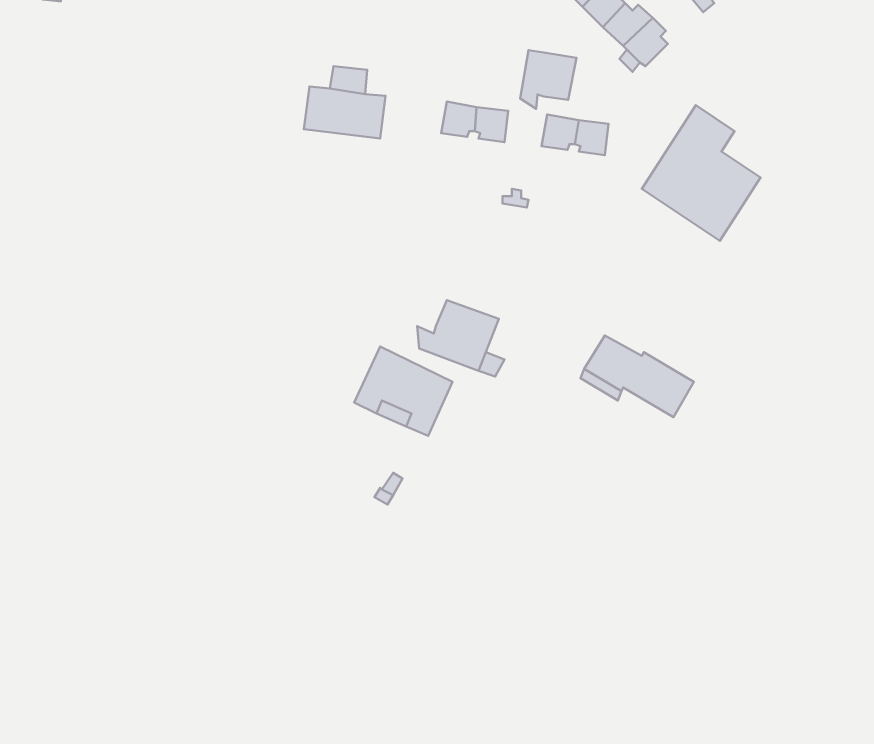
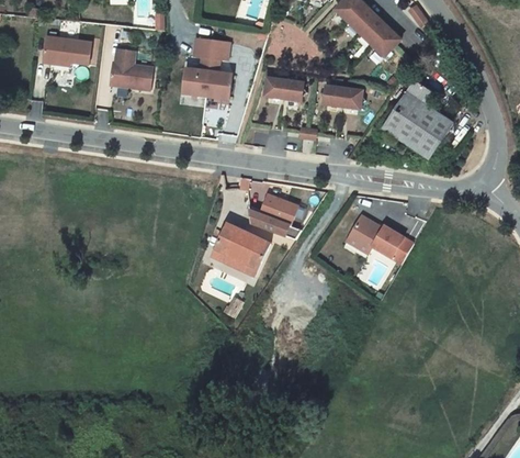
building: none -> [43,36,91,64]
building: none -> [193,38,229,59]
building: [520,50,576,109] -> none
building: none -> [110,48,152,90]

